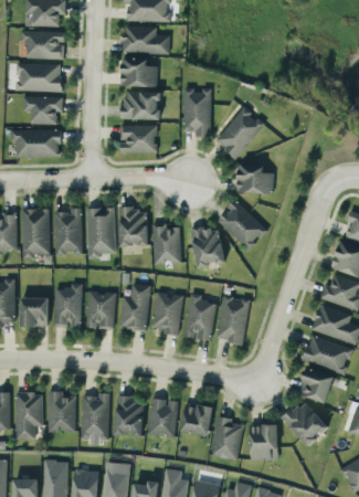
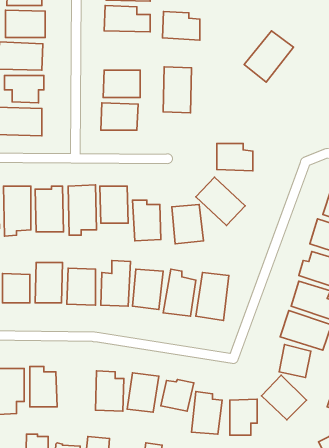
building: [119,59,157,87] -> [163,12,200,40]
building: [214,107,264,159] -> [244,31,294,82]
building: [81,394,108,443] -> none

